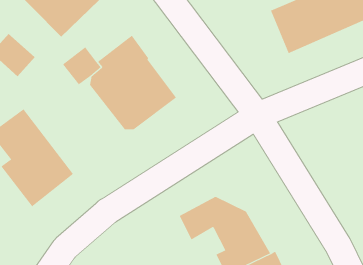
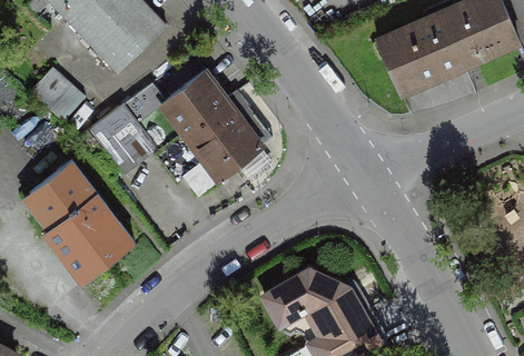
building: none -> [92,107,148,165]

